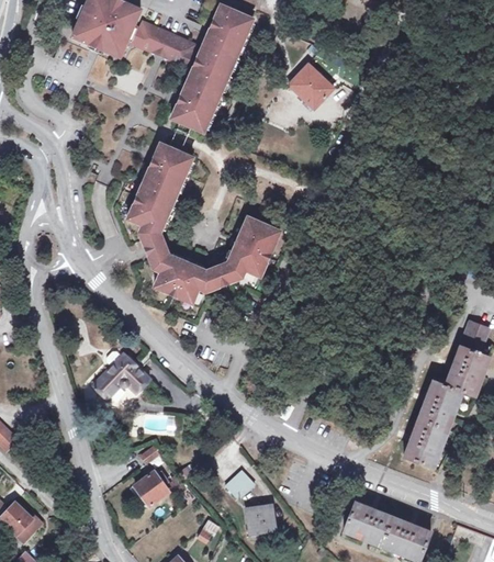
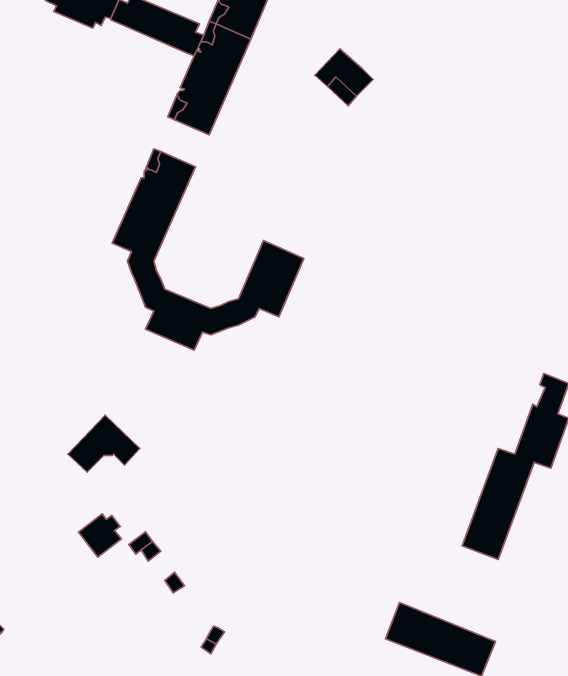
building: [225,470,255,499] -> none
building: [134,471,168,505] -> [78,514,122,557]
building: [246,504,274,530] -> none

